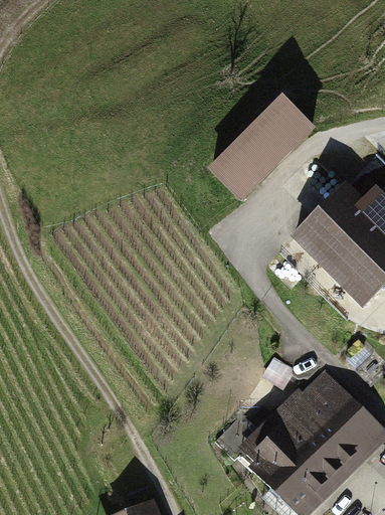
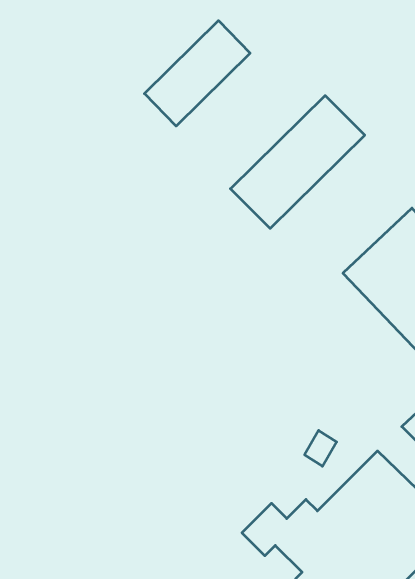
building: none -> [144,21,250,126]

